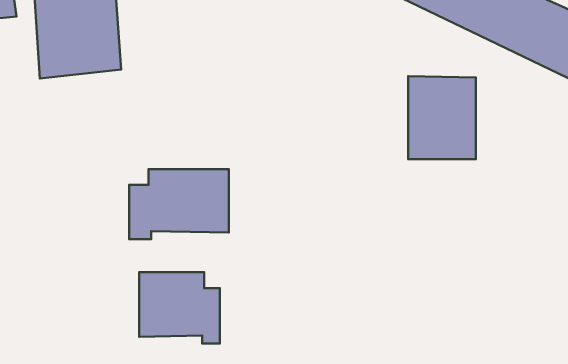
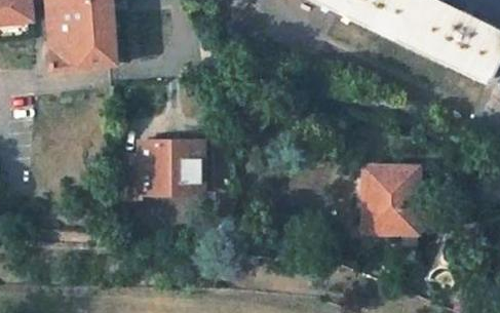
building: [408,76,476,159] -> [366,167,419,233]
building: [139,272,220,343] -> none

